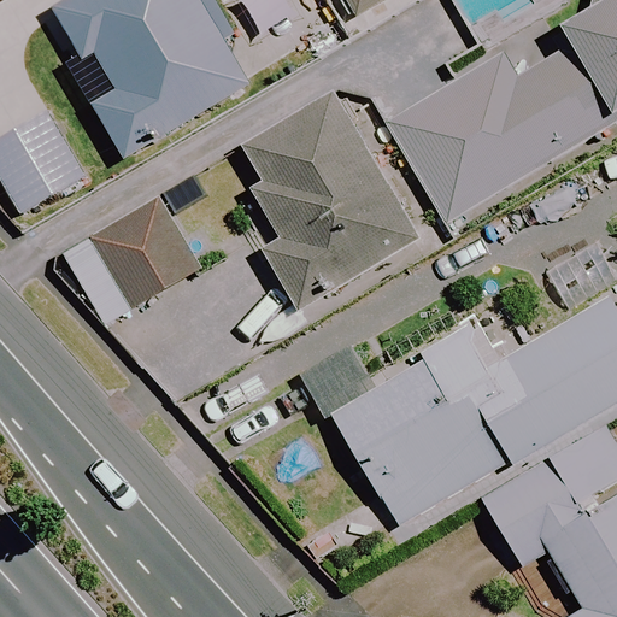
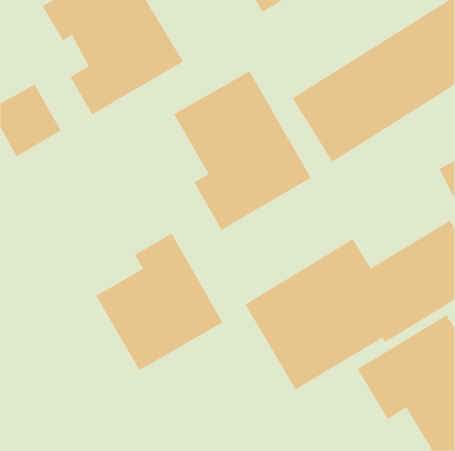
building: [64,199,199,323] -> none
building: none -> [95,233,223,371]

